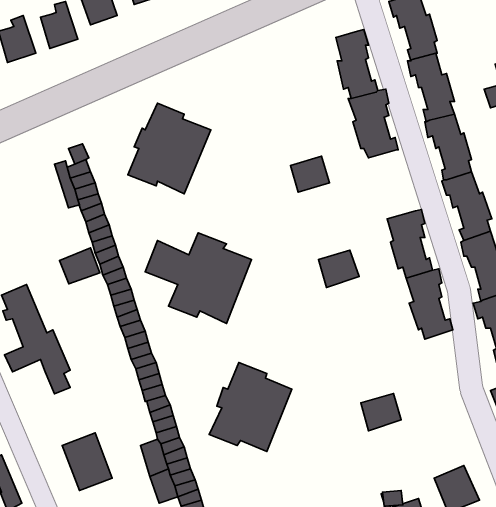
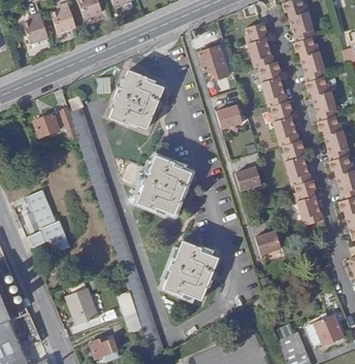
building: none -> [198,44,234,79]
building: none -> [268,100,300,146]
building: [59,248,100,284] -> [33,113,60,137]
building: [361,393,401,431] -> [255,231,282,256]

